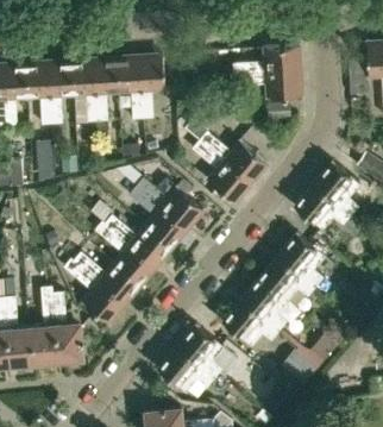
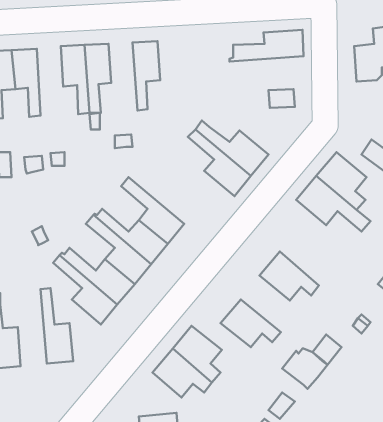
building: [117,58,144,123] -> none
building: [49,62,74,127] -> none
building: [231,71,303,99] -> none
building: [136,178,205,230] -> none
building: [278,234,325,288] -> none
building: [241,278,288,332] -> none
building: [31,285,58,364] -> none

